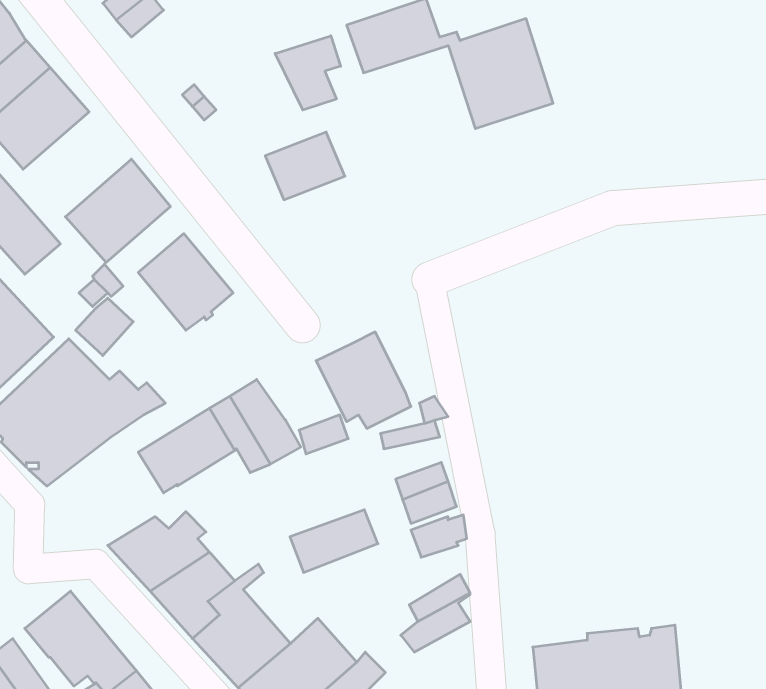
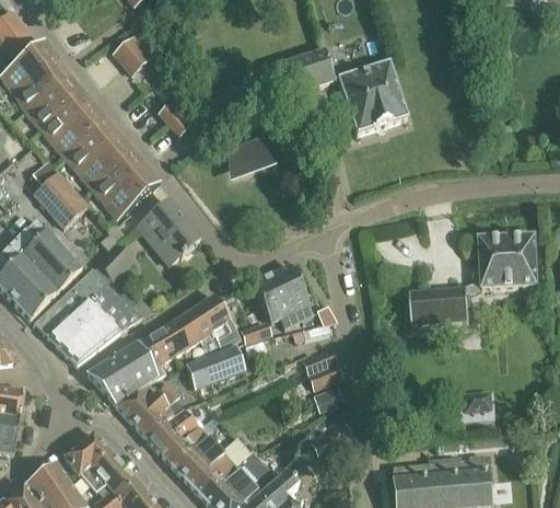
building: [275,36,341,110] -> none
building: none -> [62,122,132,189]
building: none -> [409,235,537,324]
building: none -> [89,342,166,402]
building: [290,510,378,572] -> [187,346,244,386]

